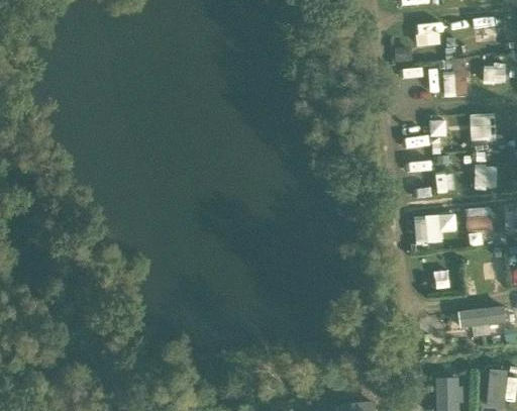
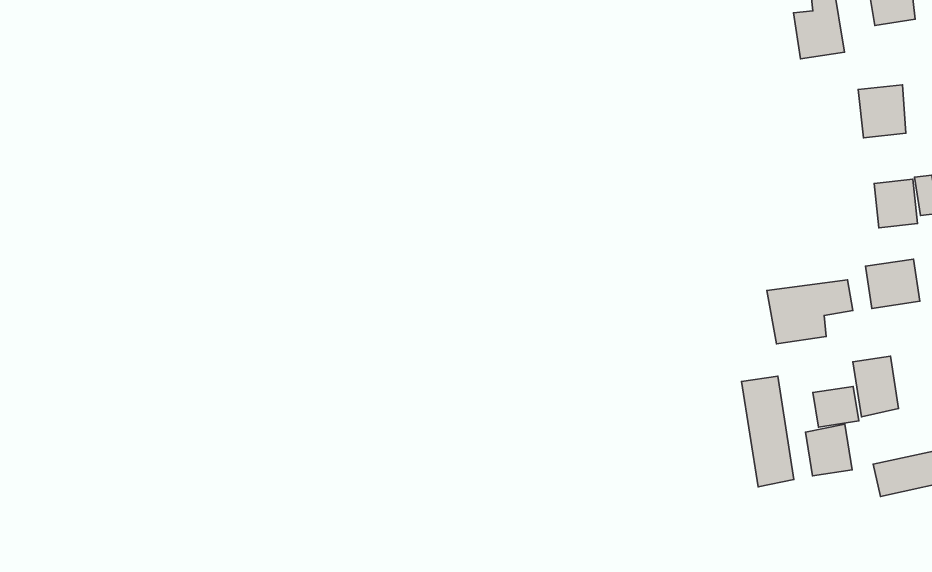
building: none -> [853,356,899,417]
building: none -> [742,376,794,487]
building: none -> [806,424,852,476]

